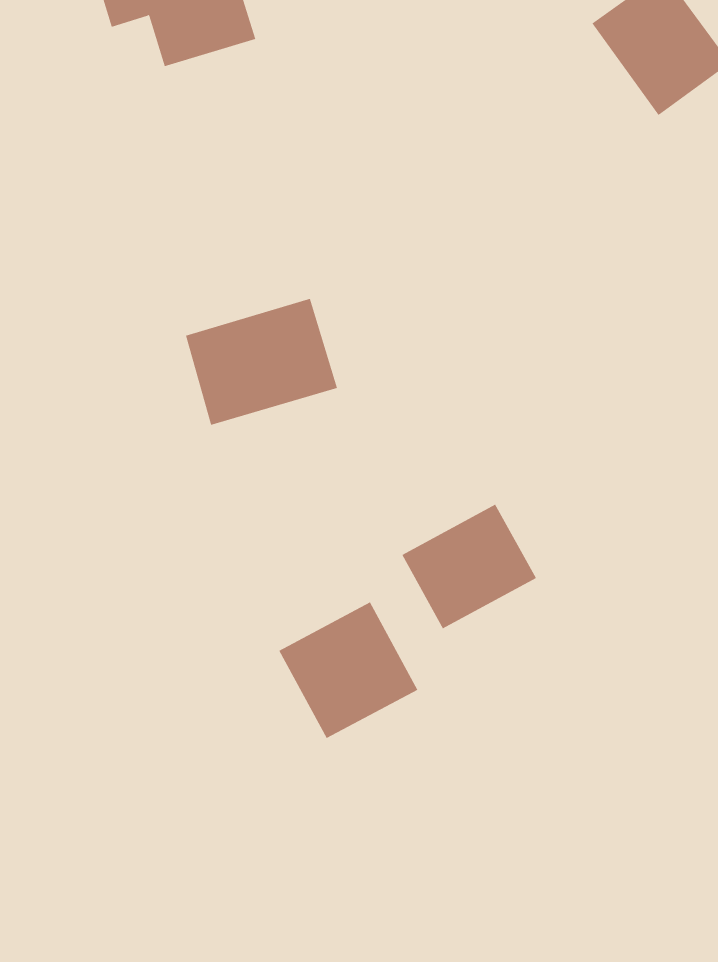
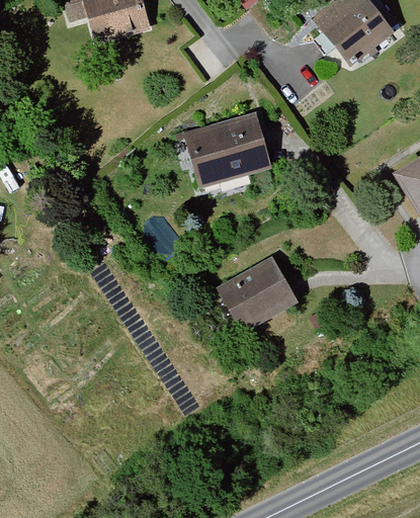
building: [185,298,338,426] -> [187,113,266,179]
building: [279,602,418,739] -> none

